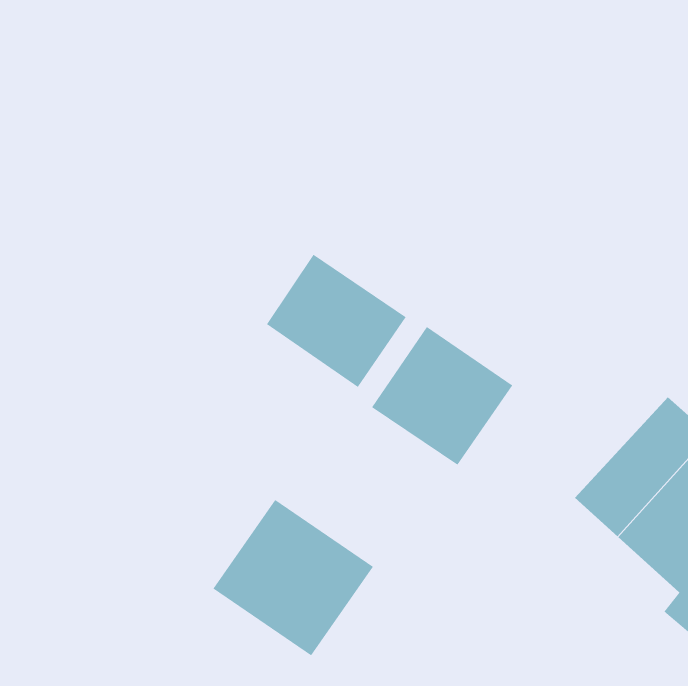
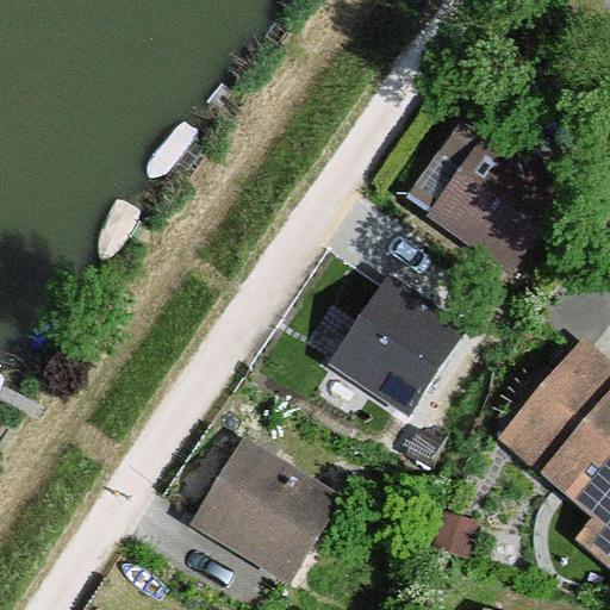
building: none -> [422,143,558,278]
building: [266,254,406,388] -> none

